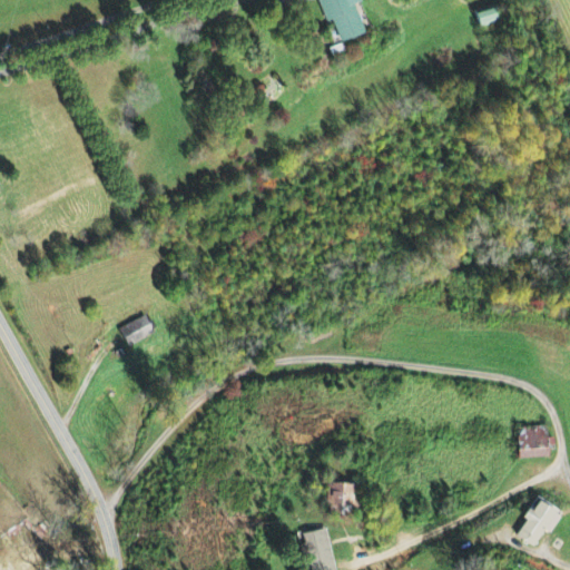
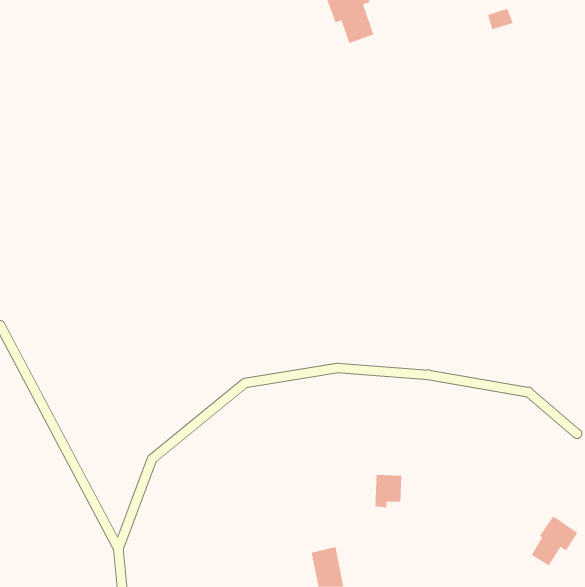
building: [120,315,155,344] -> none
building: [517,426,556,459] -> none
building: [326,481,353,513] -> [375,474,402,508]

